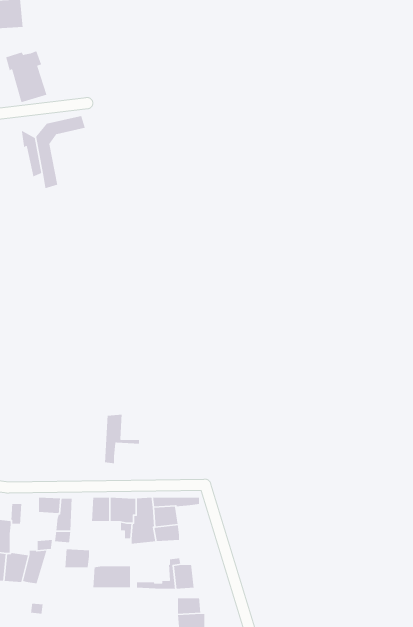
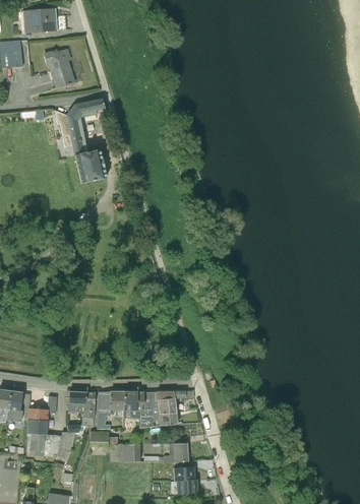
building: none -> [73,149,107,184]
building: [104,414,140,464] -> [96,391,123,430]

